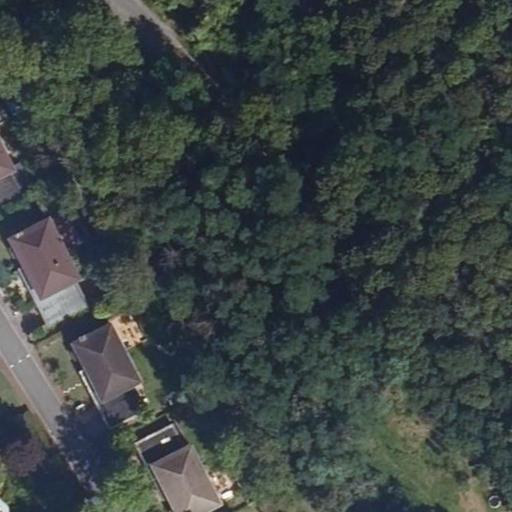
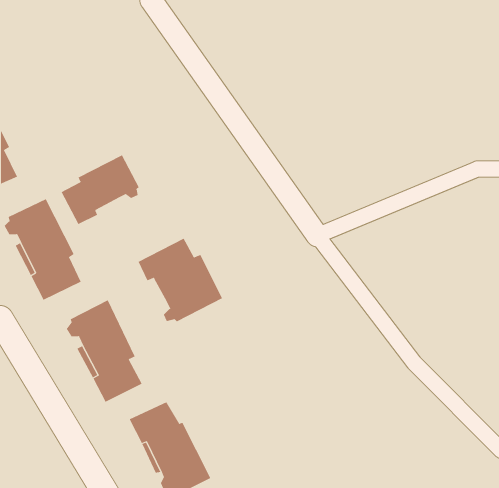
building: none -> [61,155,140,225]
building: none -> [138,238,223,322]

